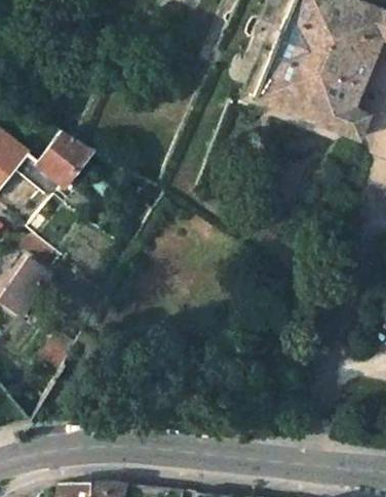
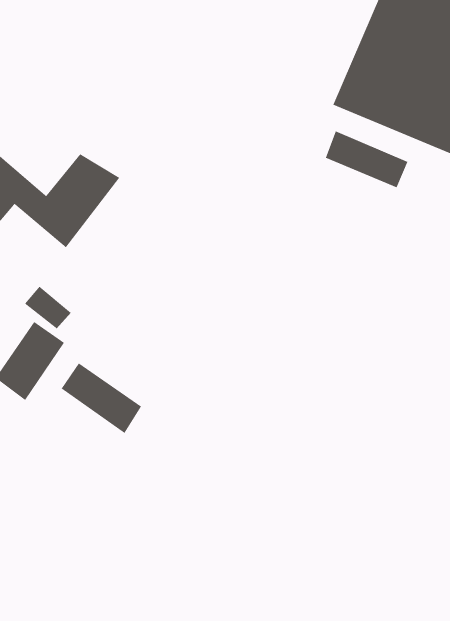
building: none -> [325,130,408,188]
building: none -> [61,363,142,434]

